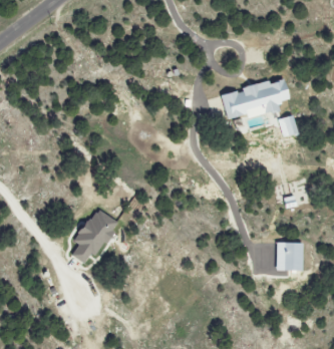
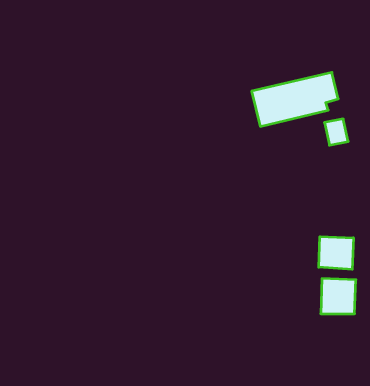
building: [71,208,118,264] -> none
building: none -> [319,237,353,269]

